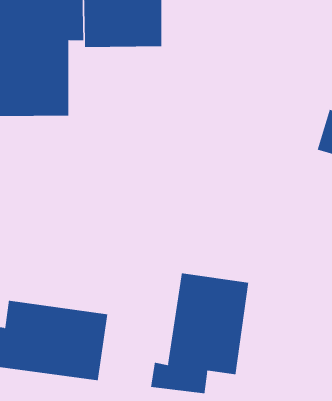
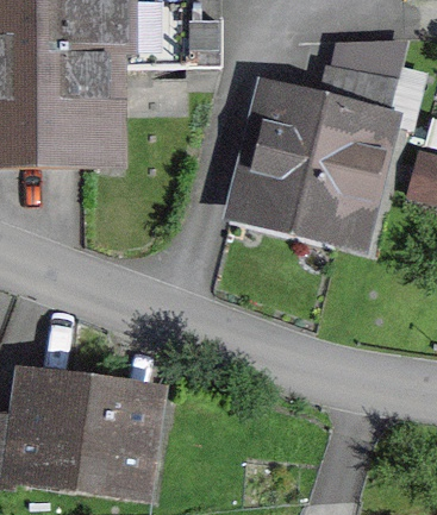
building: none -> [243,70,393,237]
building: [151,272,249,394] -> none

